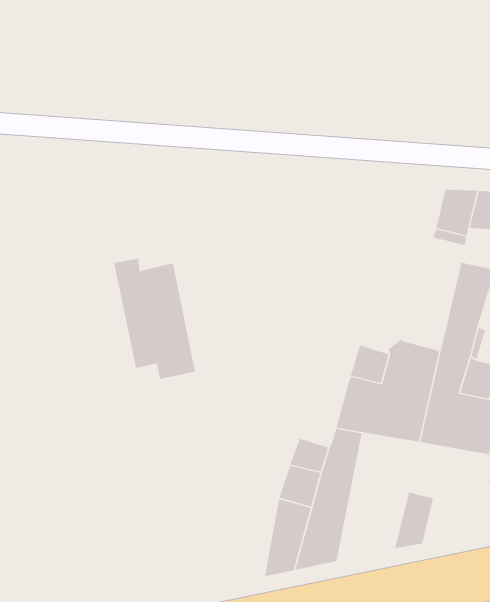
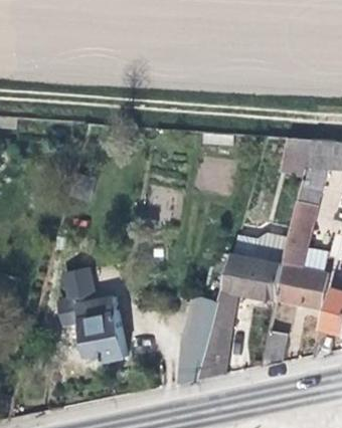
building: [113,258,196,380] -> [71,284,124,362]

